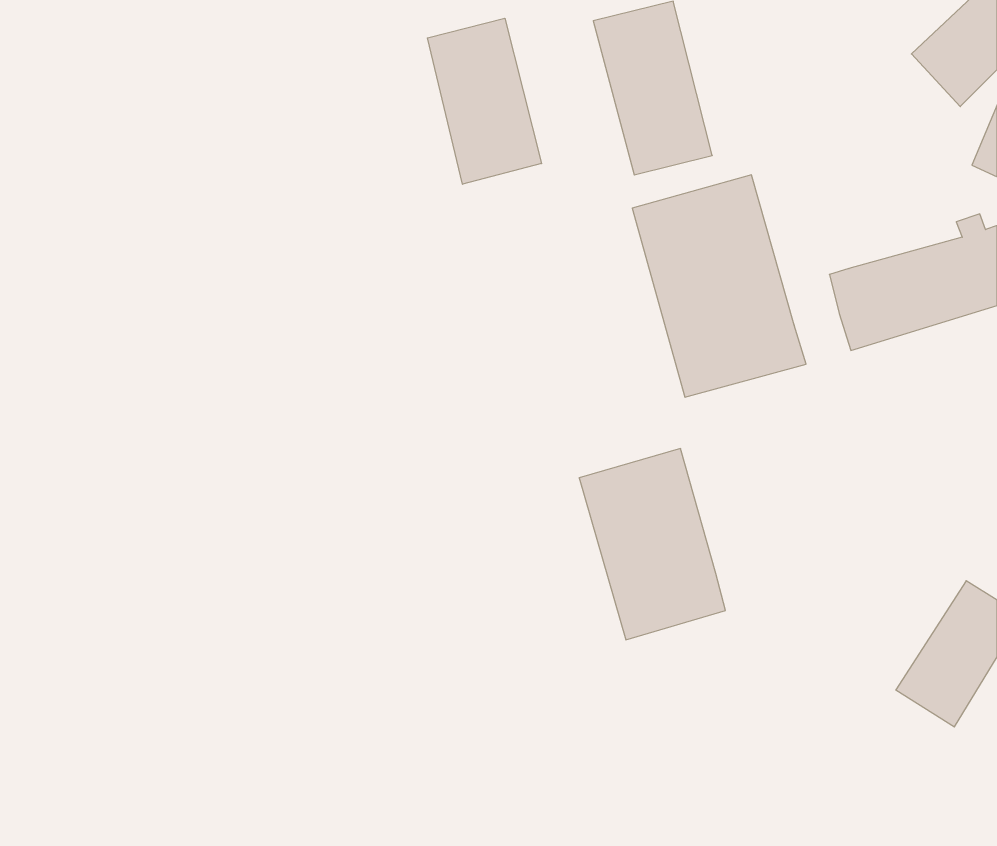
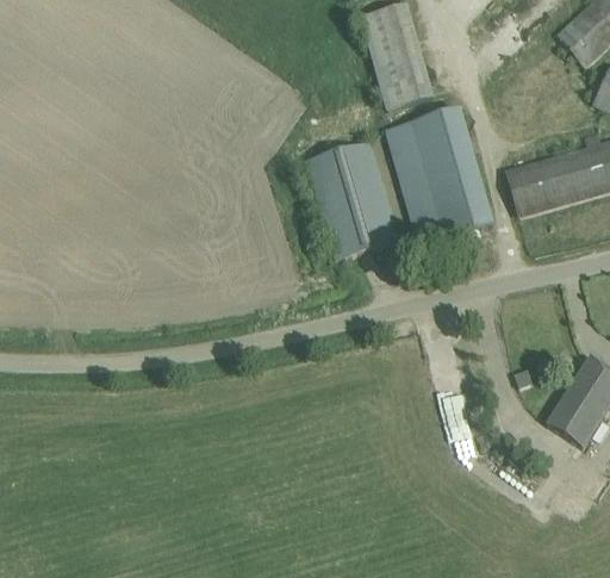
building: [427,18,542,184] -> none
building: [579,449,725,640] -> [307,142,397,259]

